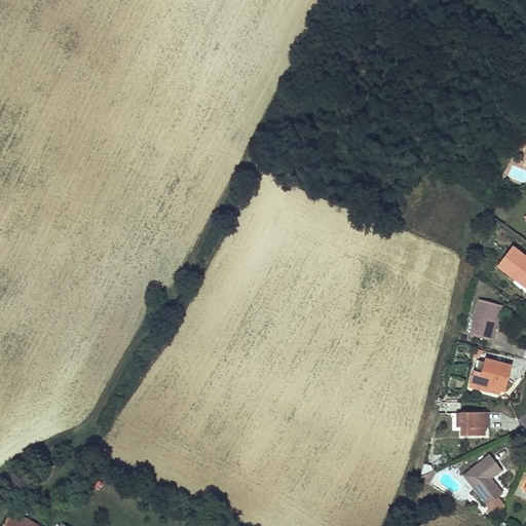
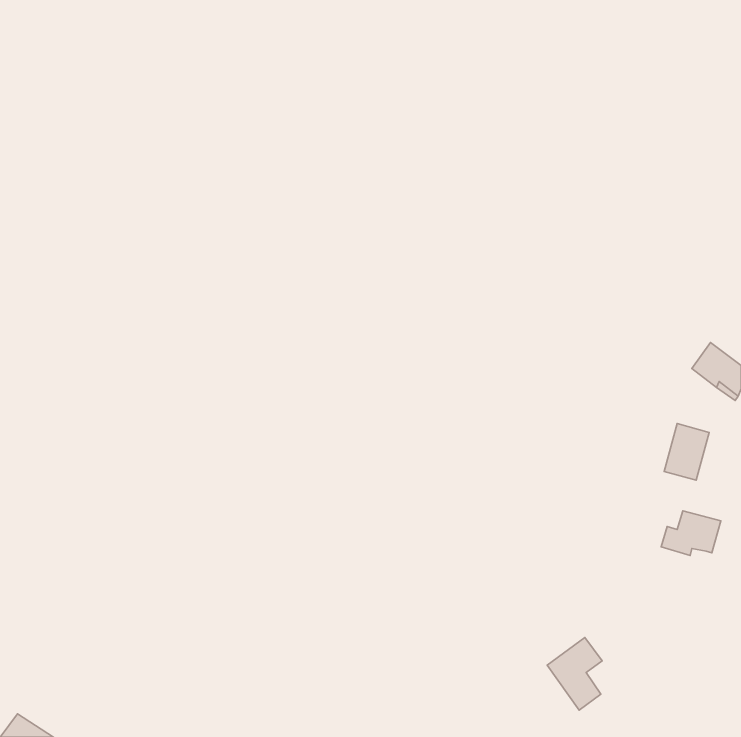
building: [461,412,489,437] -> none
building: [463,455,502,506] -> [547,638,602,710]

